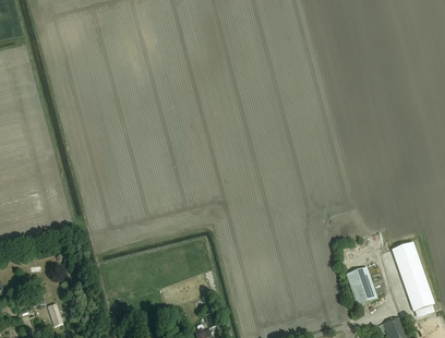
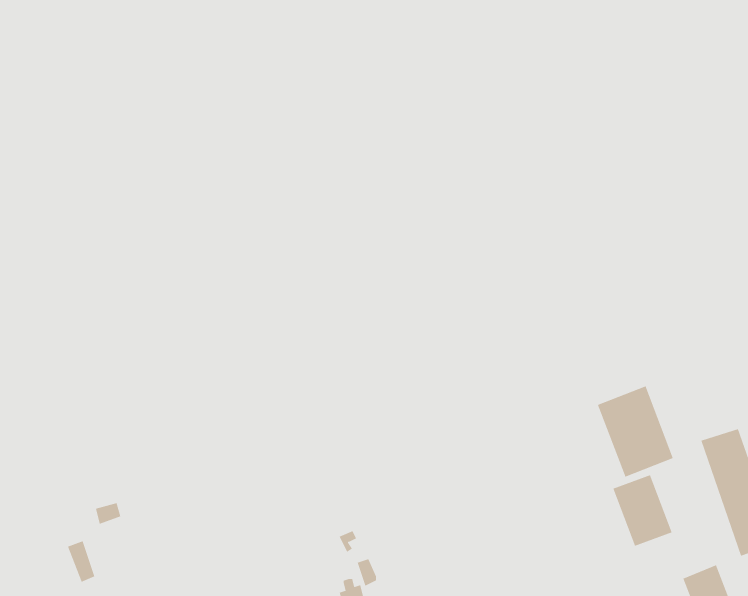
building: none -> [597,385,674,478]

